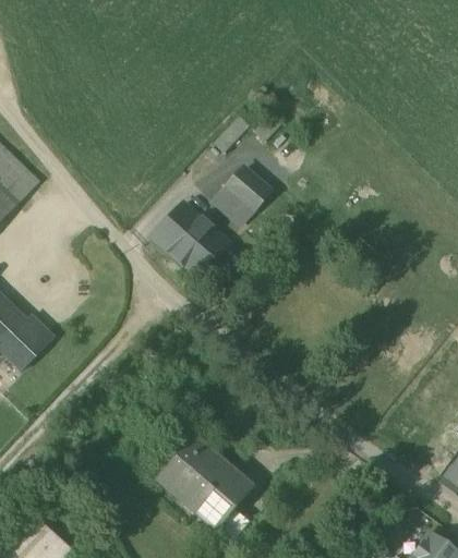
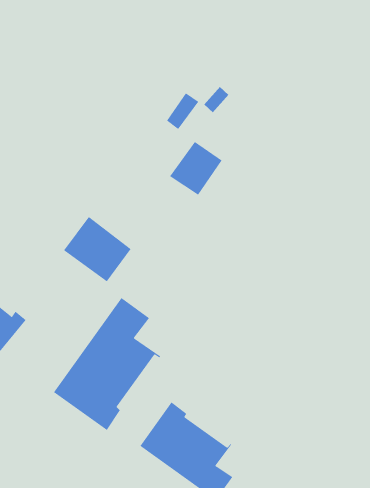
building: [154,203,225,272] -> [63,216,132,282]
building: none -> [53,297,161,431]

